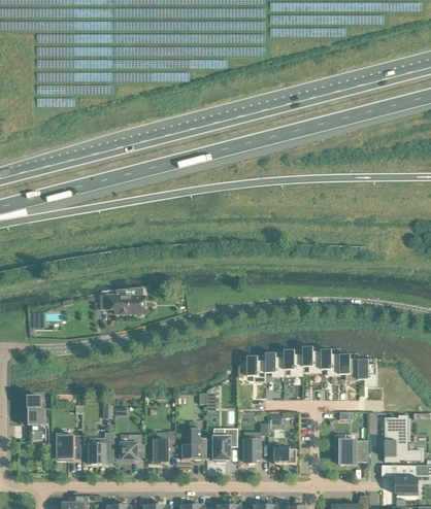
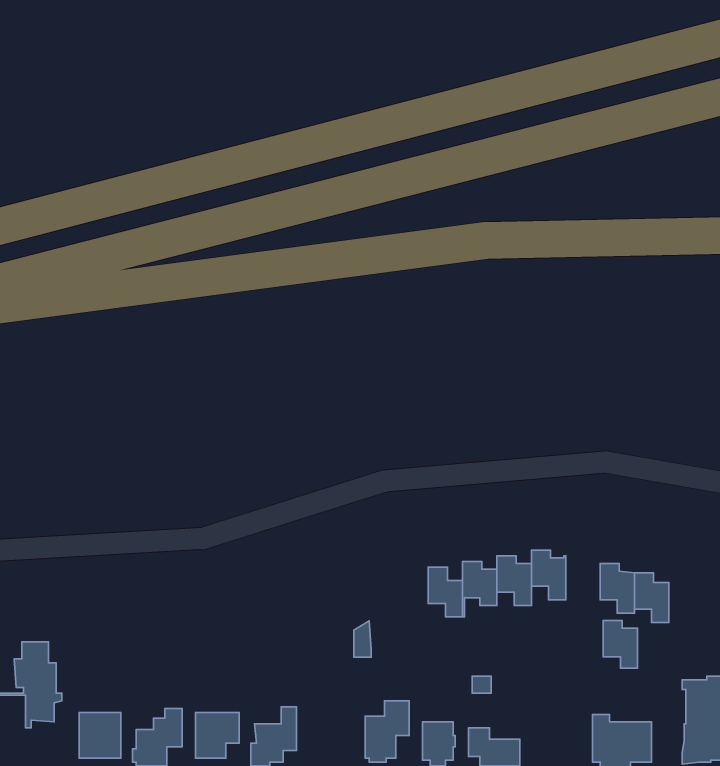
building: [105,293,144,313] -> none
building: [321,349,339,375] -> [603,621,638,668]
building: [181,428,206,459] -> none

